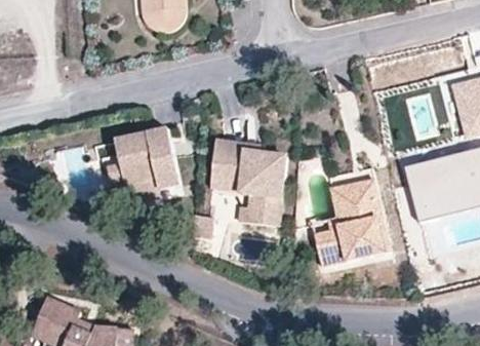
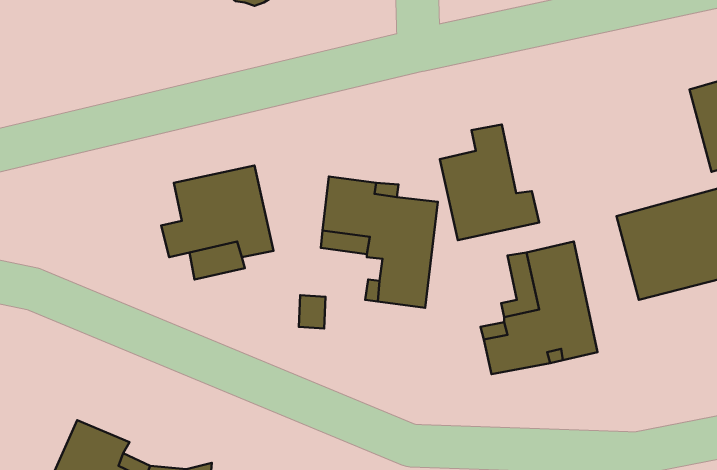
building: none -> [440,124,539,240]

